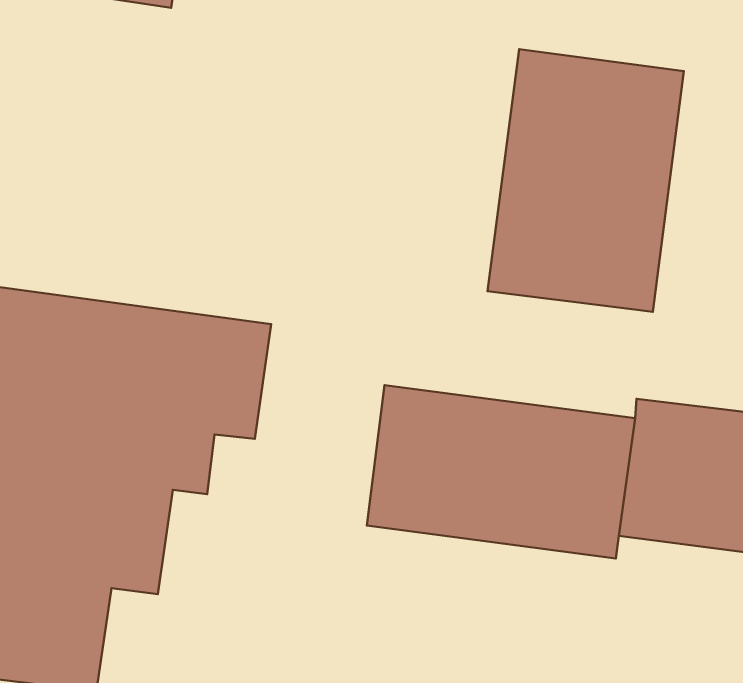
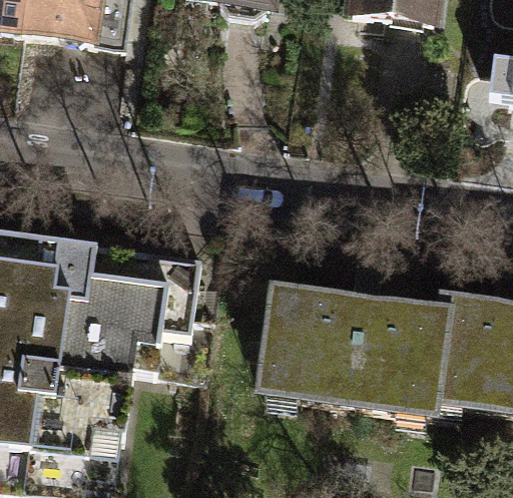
building: [488,49,684,312] -> none

